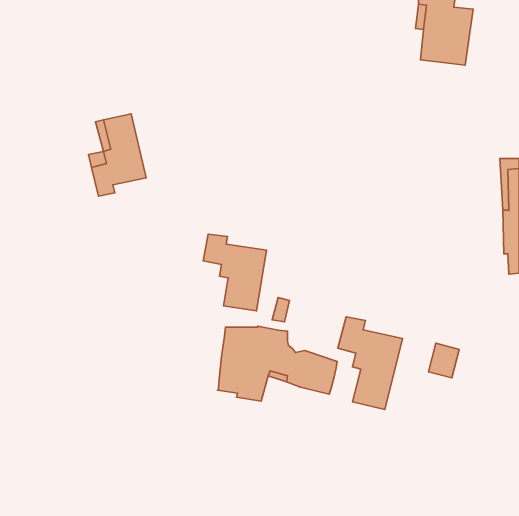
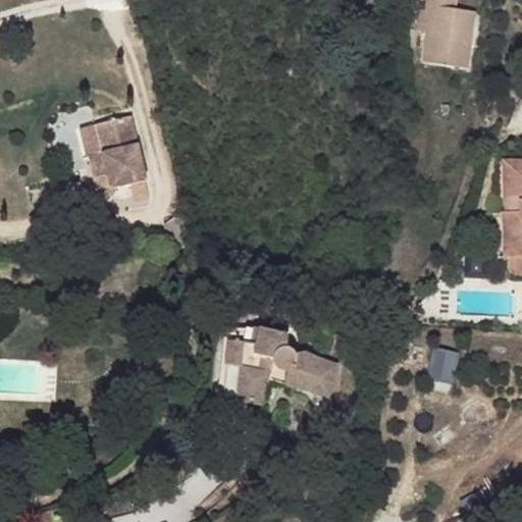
building: [203,234,267,311] -> none
building: [338,317,403,410] -> none

